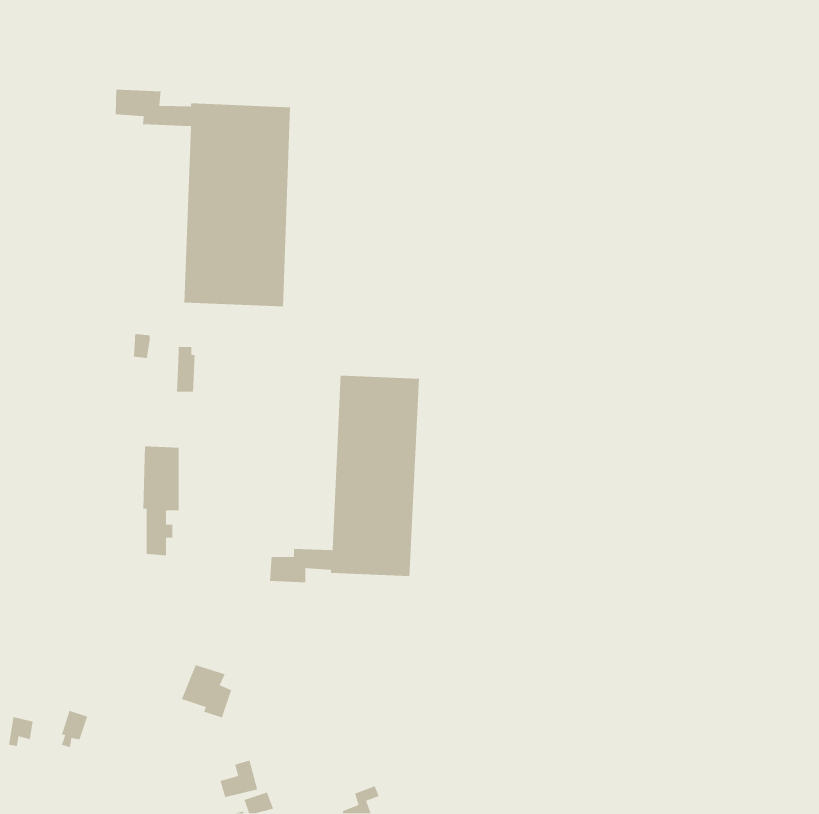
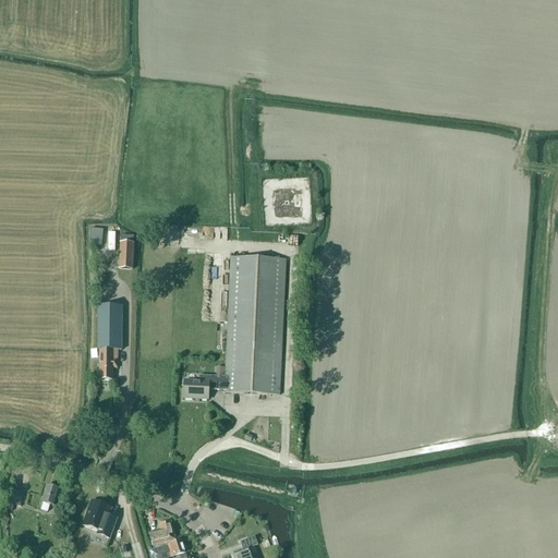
building: [115,89,291,307] -> none
building: [181,664,232,719] -> [82,499,117,536]

